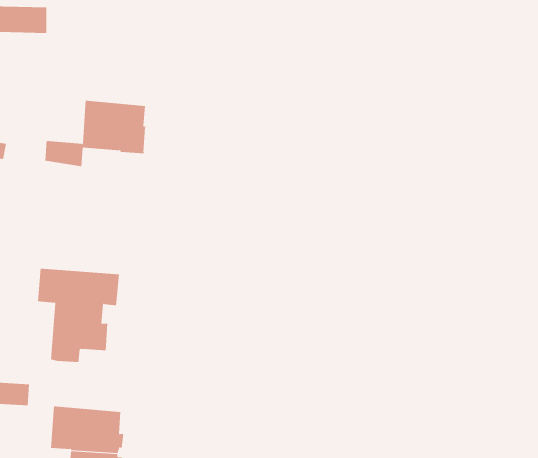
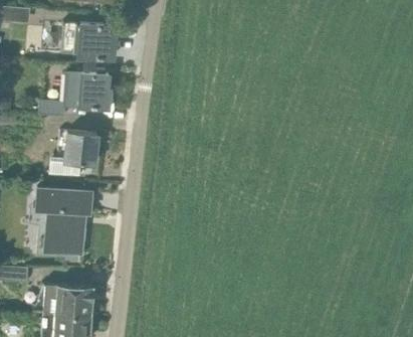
building: none -> [44,21,117,58]
building: none -> [67,133,98,165]

